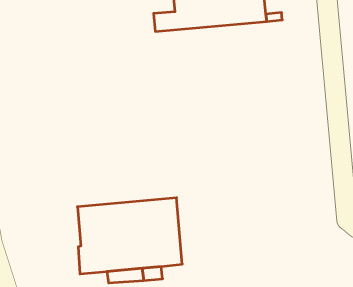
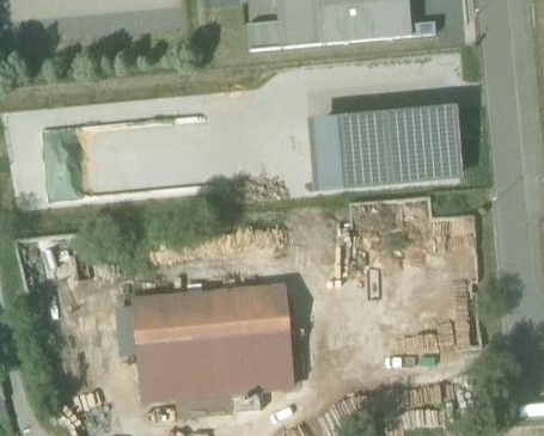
building: none -> [311,115,462,186]

